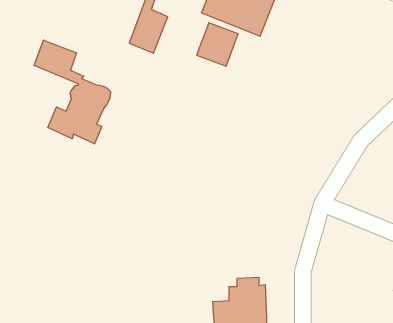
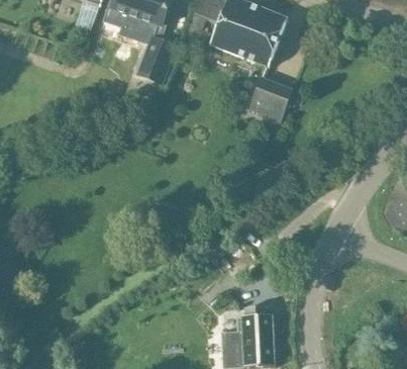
building: [197,23,238,66] -> [248,78,290,121]
building: [34,40,110,144] -> none

